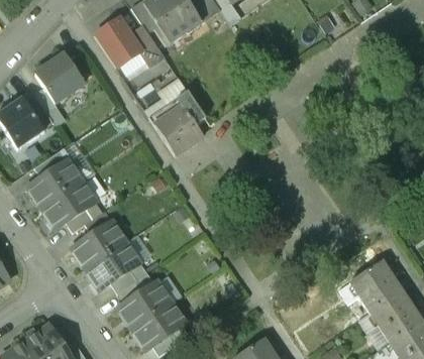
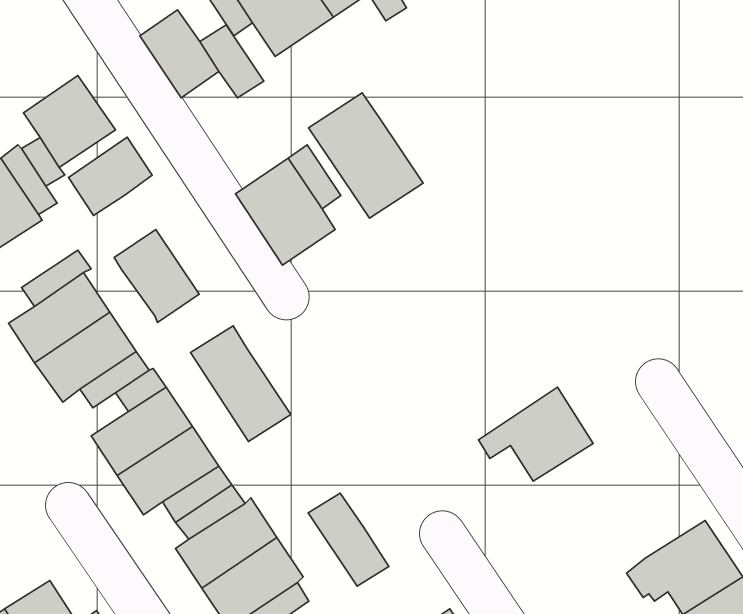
building: none -> [308,93,423,218]
building: none -> [69,137,152,216]
building: none -> [114,229,199,322]
building: none -> [191,326,291,441]
building: [340,261,402,312] -> [479,387,593,481]
building: none -> [308,493,389,586]

